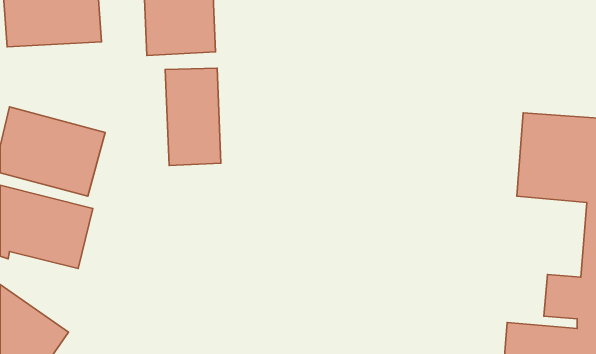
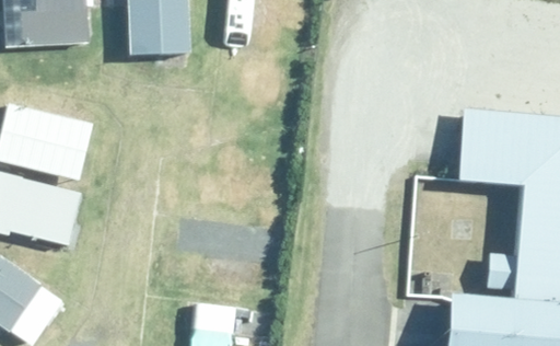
building: [165,68,221,166] -> none

